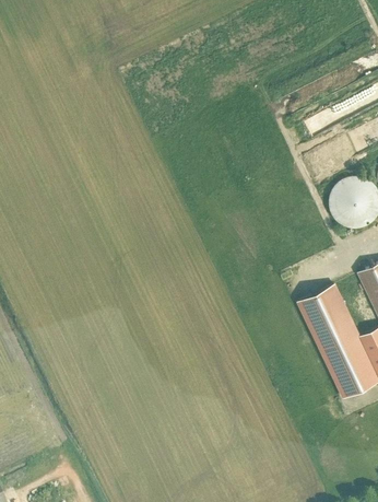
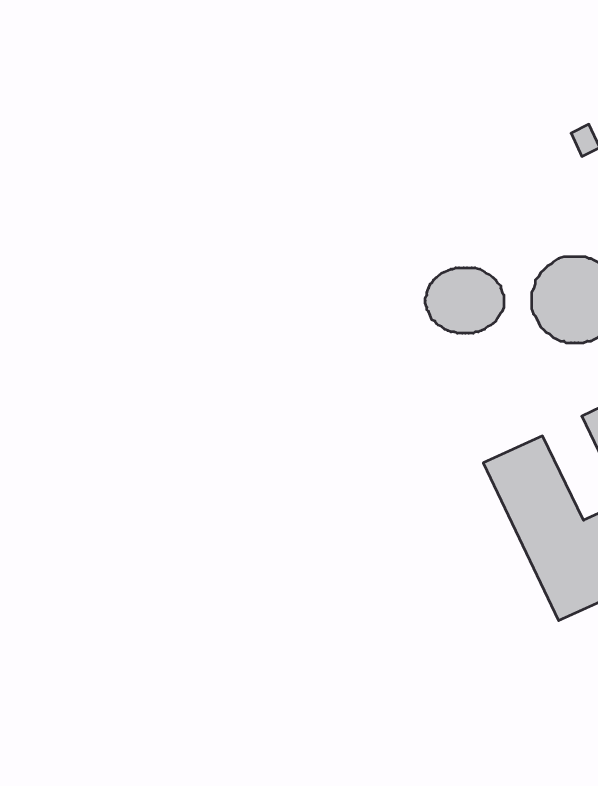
building: none -> [425,268,504,333]

